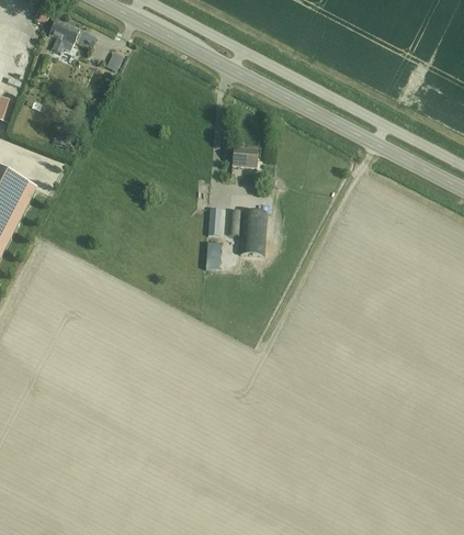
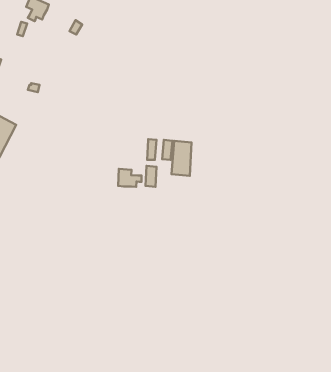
building: [231,144,258,164] -> none
building: none -> [118,169,141,187]

